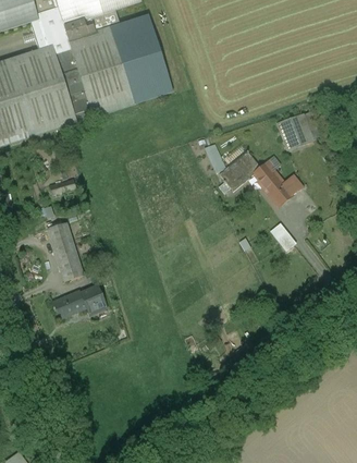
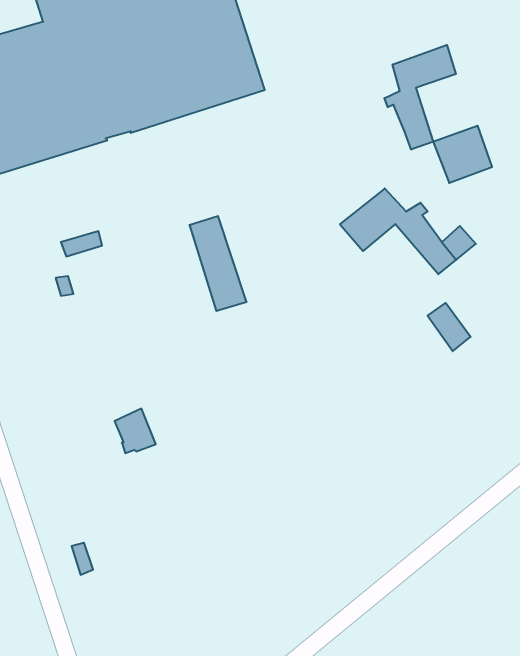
building: none -> [384,45,456,150]
building: [48,221,83,279] -> [189,216,247,311]
building: [53,290,87,316] -> none

